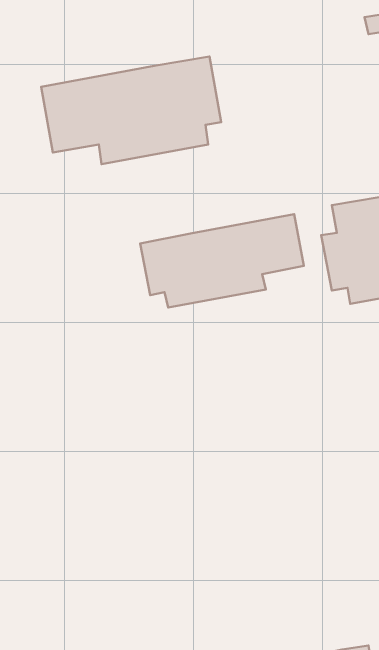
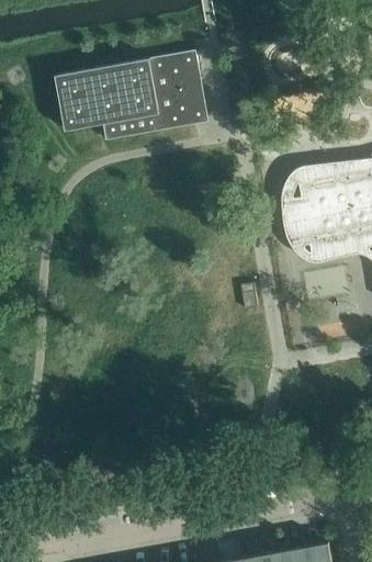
building: [140,214,304,307] -> none

